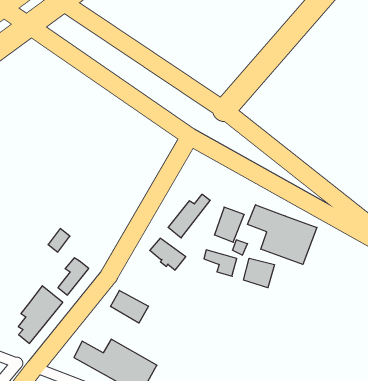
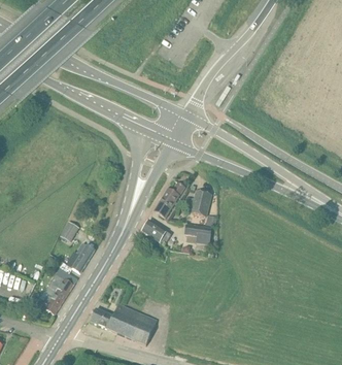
building: [248,205,317,264] -> none
building: [243,258,274,288] -> none
building: [111,290,148,323] -> none

